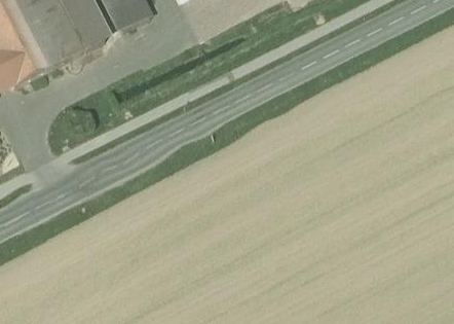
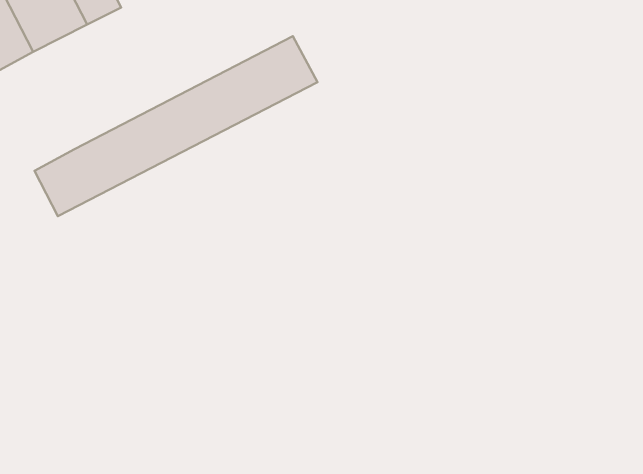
building: none -> [34,36,318,216]

